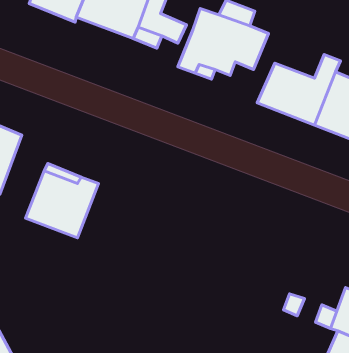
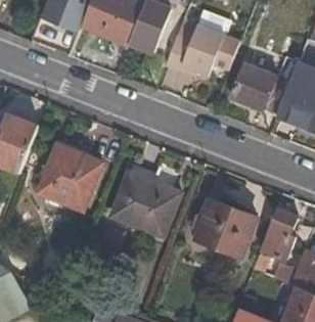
building: none -> [111,175,176,233]
building: none -> [190,199,254,255]
building: none -> [259,206,299,260]

